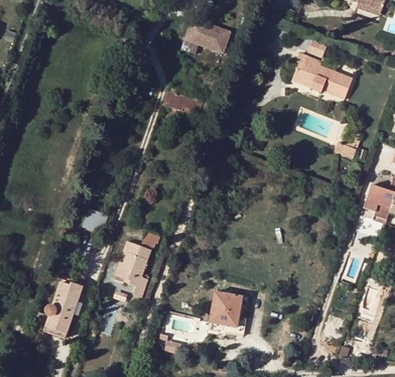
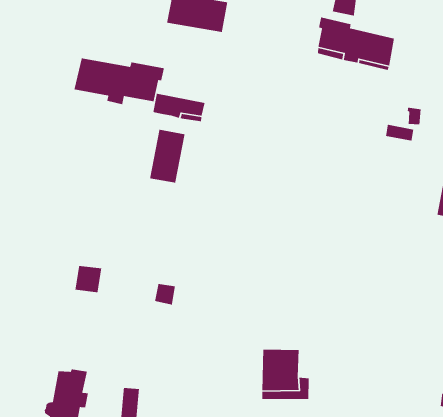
building: none -> [73,57,165,105]
building: none -> [149,129,185,184]
building: [114,242,150,297] -> none

